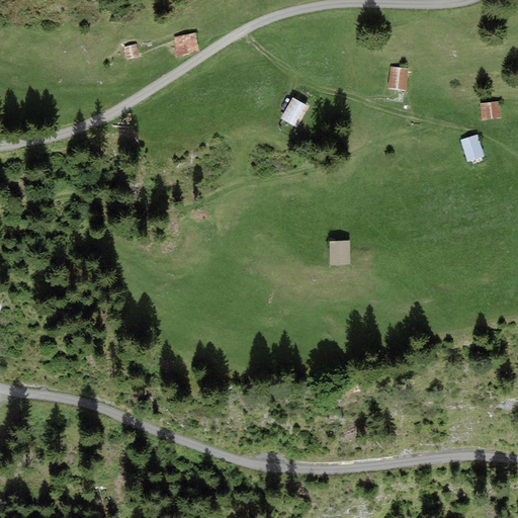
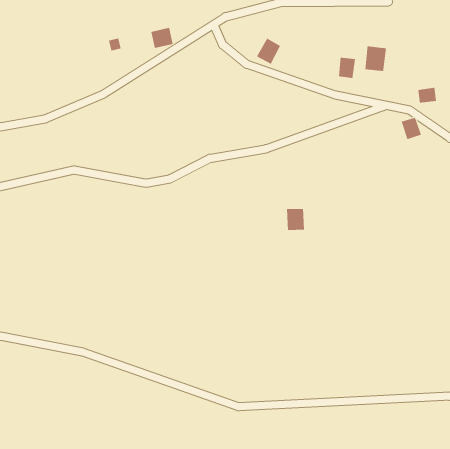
building: none -> [365,46,387,72]
building: [280,96,309,126] -> [256,38,281,64]

